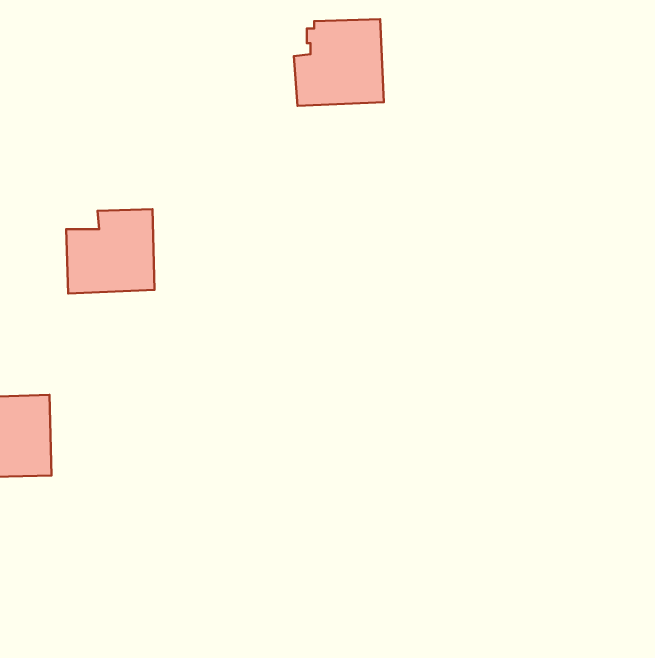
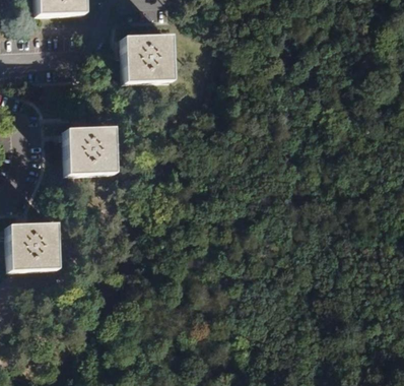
building: [294,19,384,106] -> [124,27,174,75]

